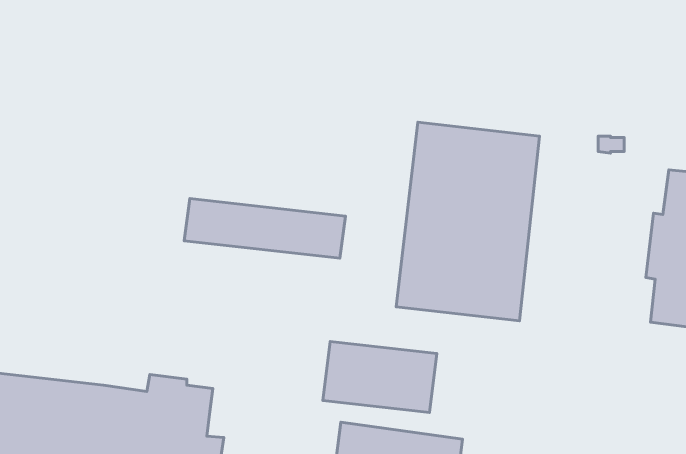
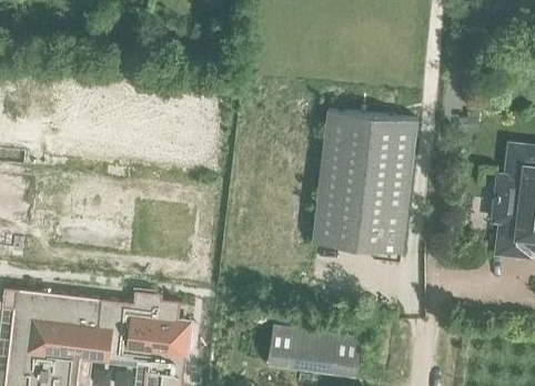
building: [184,199,345,258] -> none
building: [323,341,437,412] -> none

